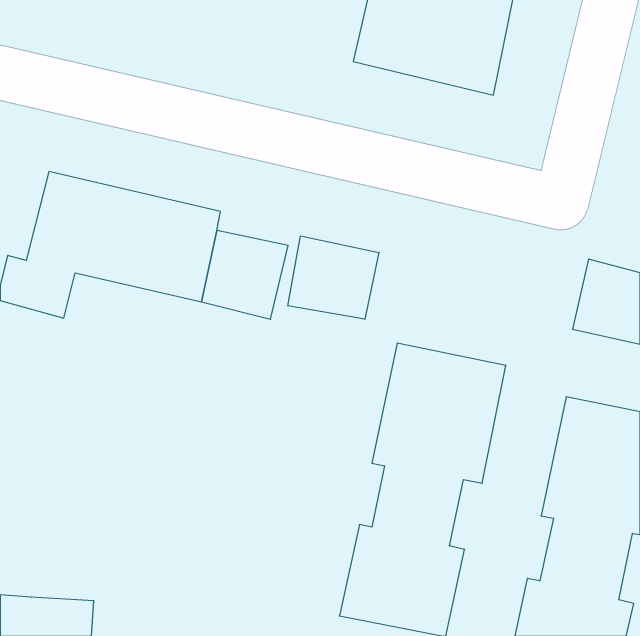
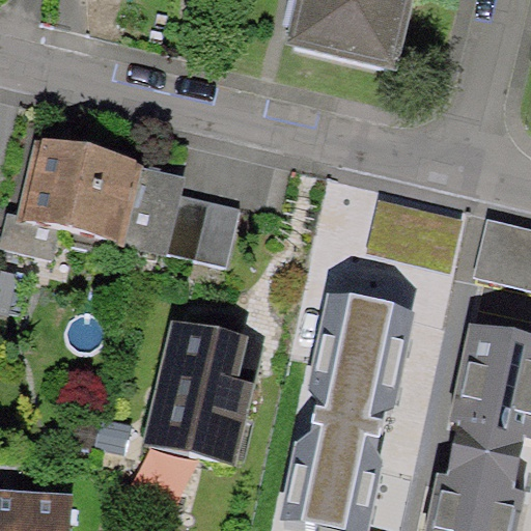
building: [288,236,379,319] -> none
building: none -> [146,320,264,466]

